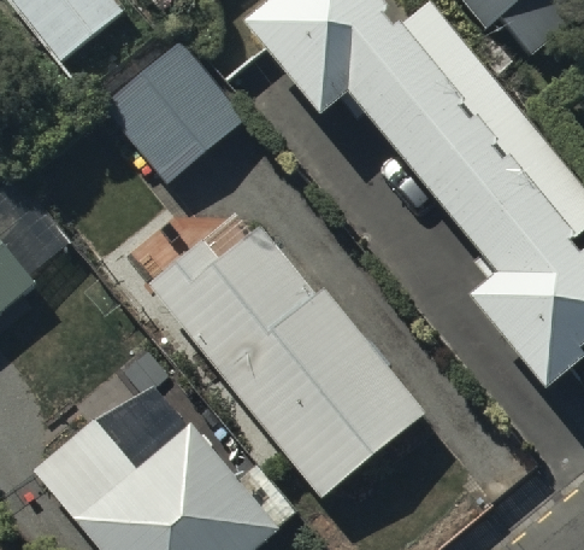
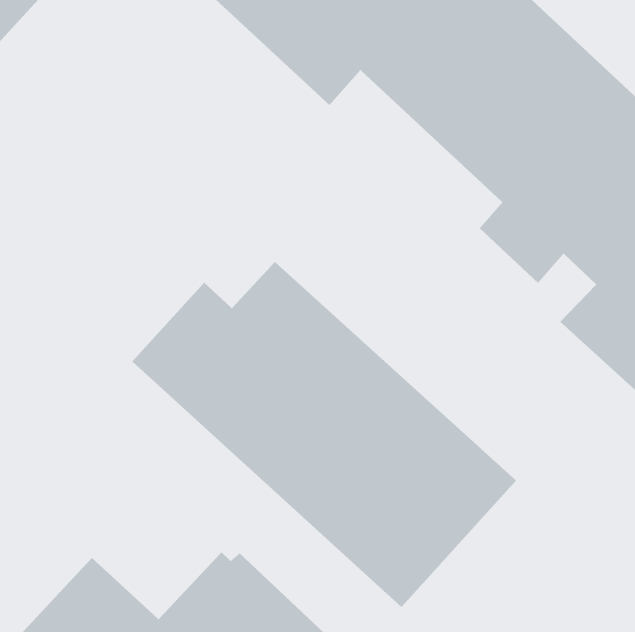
building: [102,36,250,181] -> none

